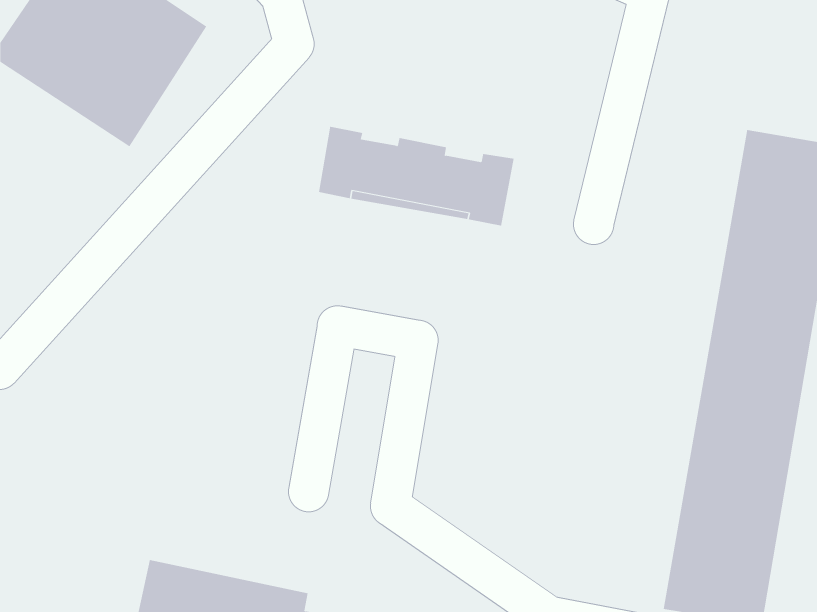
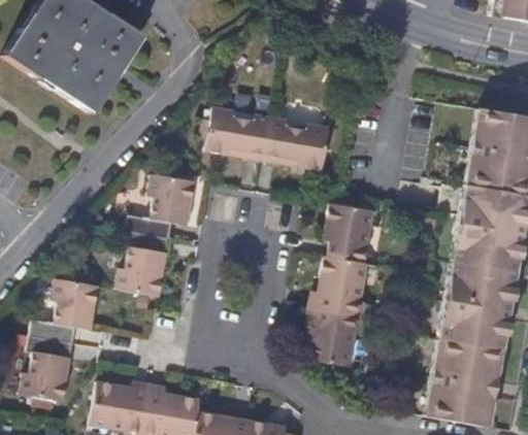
building: none -> [116,171,196,294]
building: none -> [308,203,375,365]
building: none -> [16,274,98,397]

